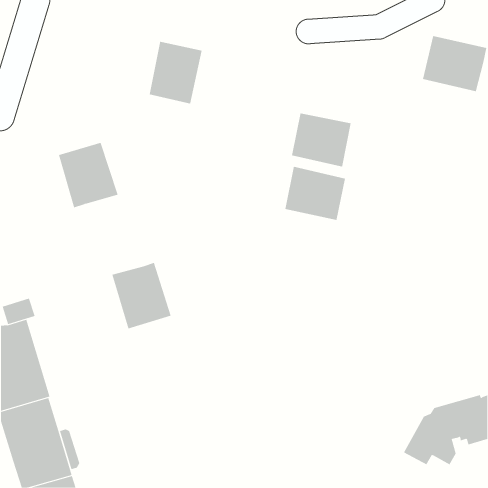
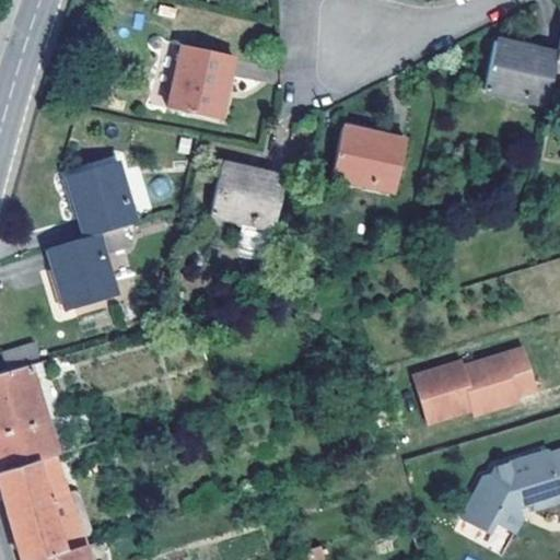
building: [285,166,346,221] -> [212,165,282,228]
building: [111,262,172,329] -> [48,234,117,311]
building: none -> [415,346,537,419]

